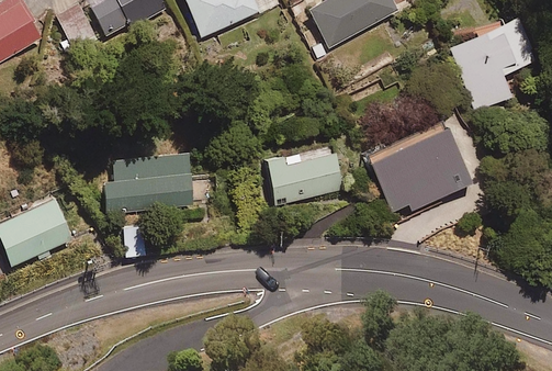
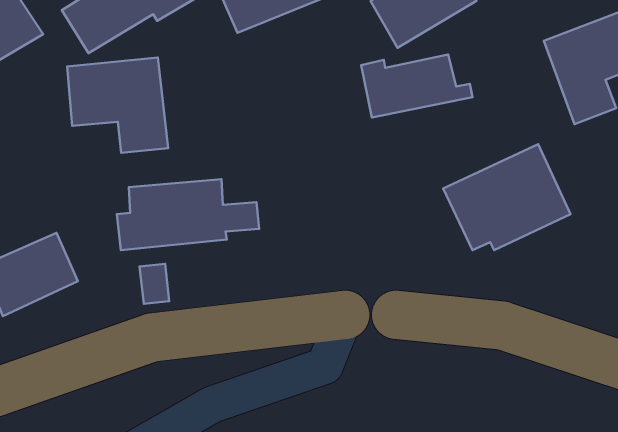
building: none -> [67,57,168,153]
building: [262,150,353,202] -> [361,54,472,117]

